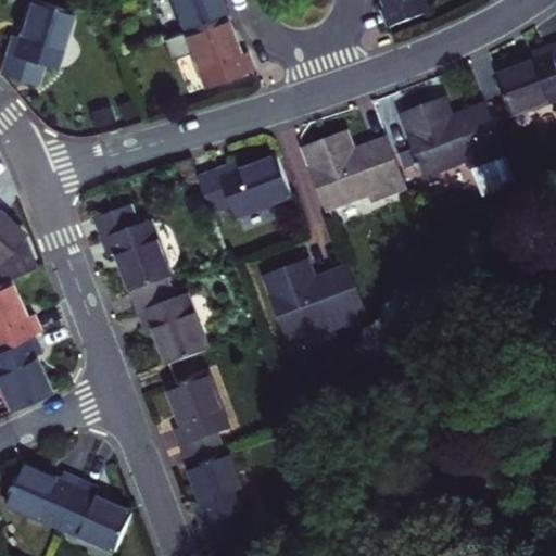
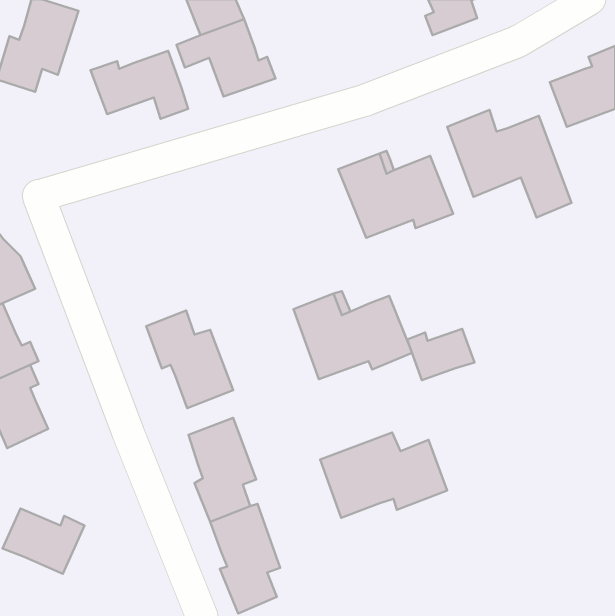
building: none -> [90,51,188,119]
building: [197,153,292,215] -> none
building: [94,205,173,293] -> none
building: none -> [407,329,474,380]
building: none -> [320,432,447,518]
building: [56,472,127,539] -> none

